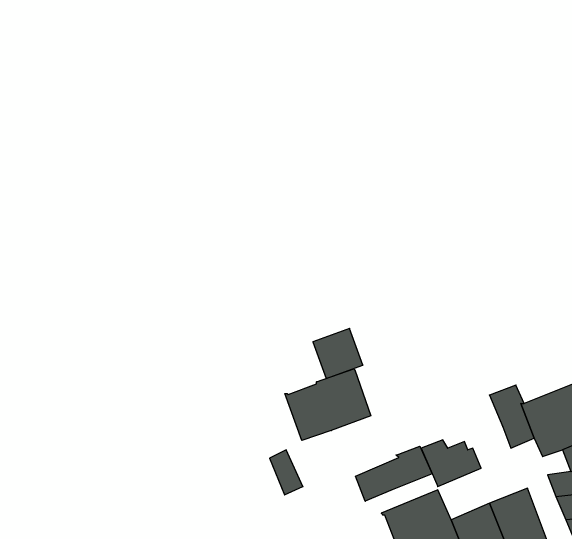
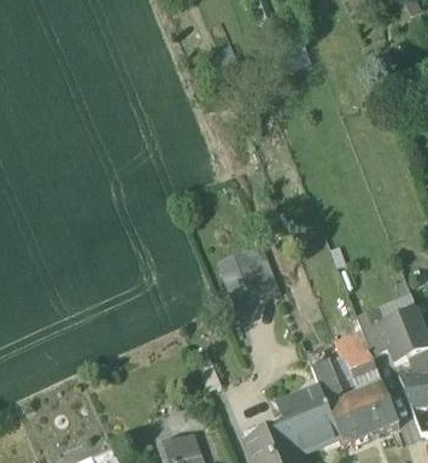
building: [285,369,371,440] -> none
building: none -> [338,338,375,373]
building: [356,446,432,501] -> none

